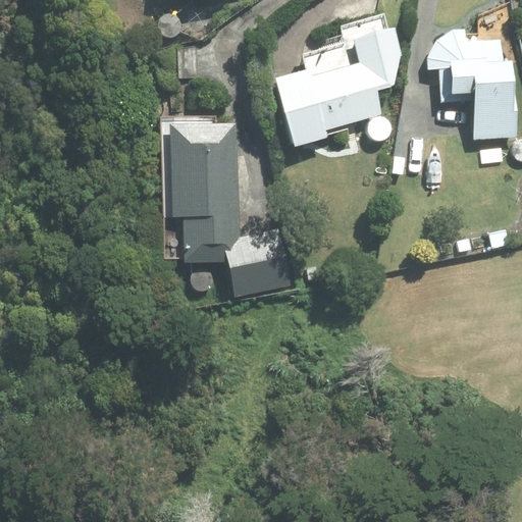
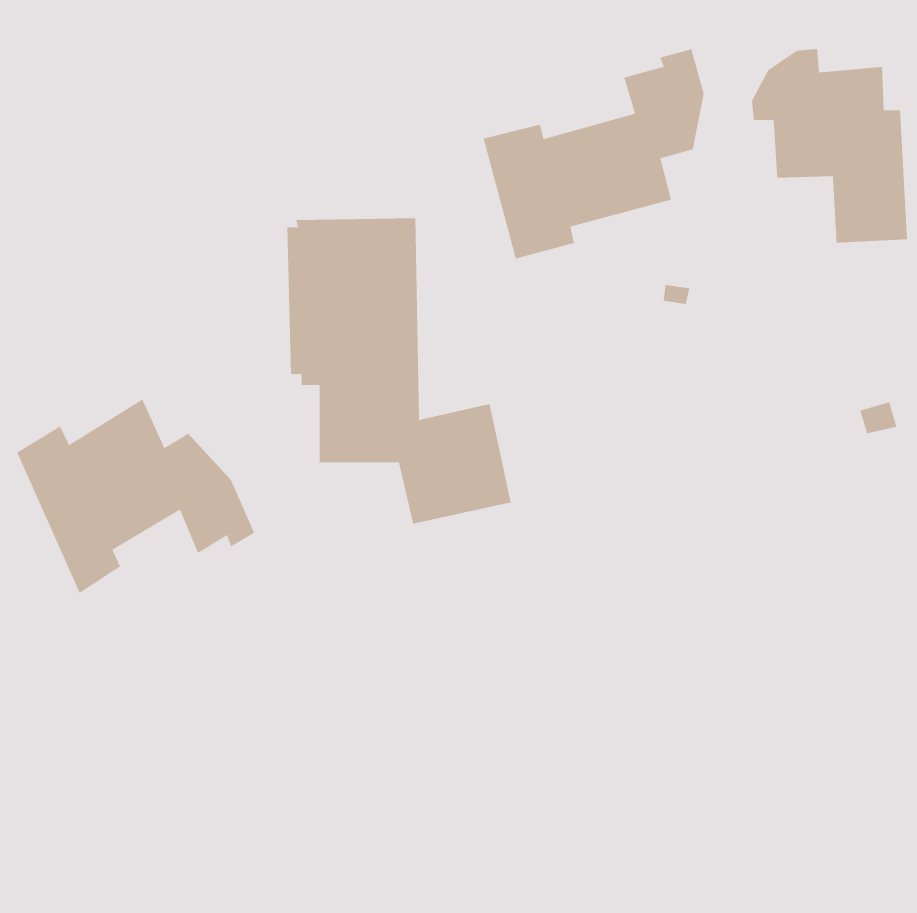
building: none -> [17,399,255,594]

